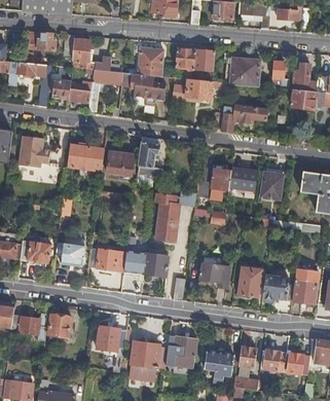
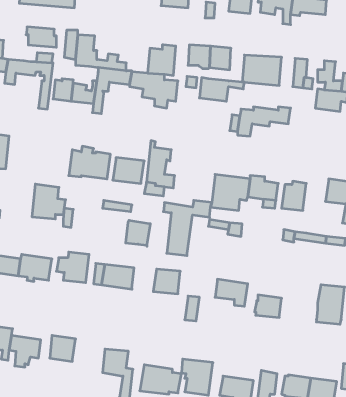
building: [19,133,49,165] -> [32,184,66,219]
building: [123,250,146,274] -> [126,220,150,246]
building: [262,275,293,300] -> none

